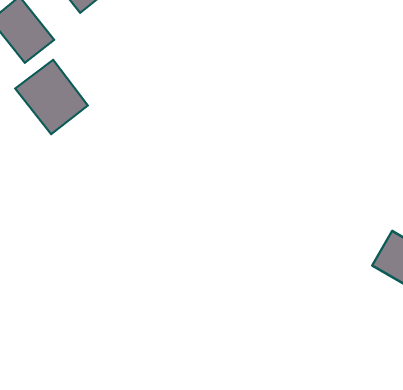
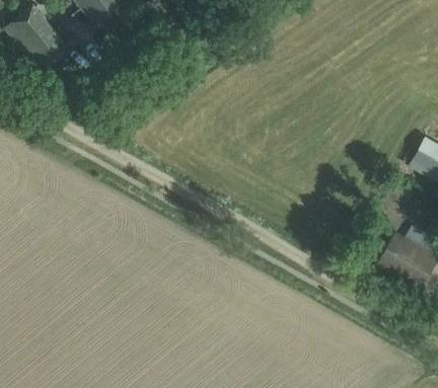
building: [15,60,88,134] -> none

